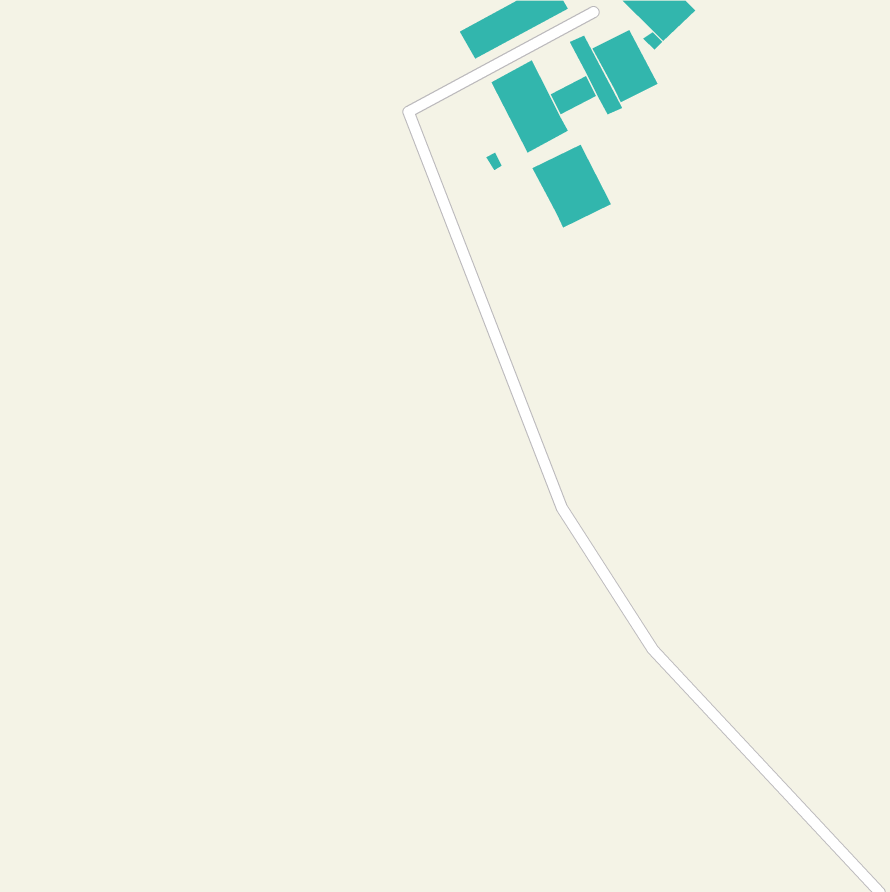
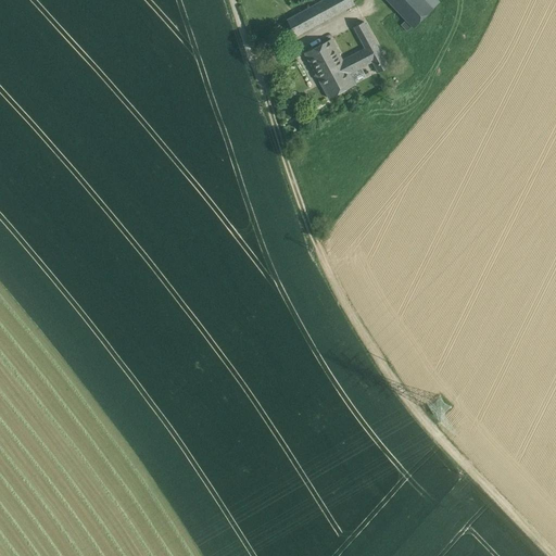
building: [591,29,658,103] -> none
building: [532,144,612,229] -> none

